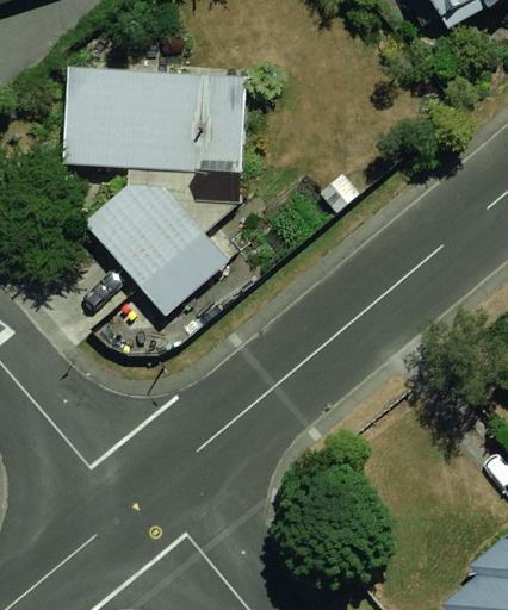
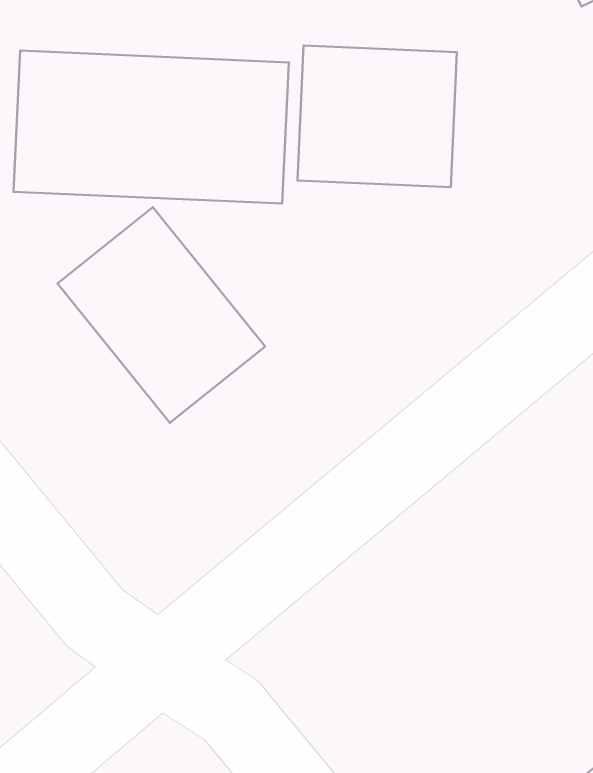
building: none -> [298,45,457,187]

